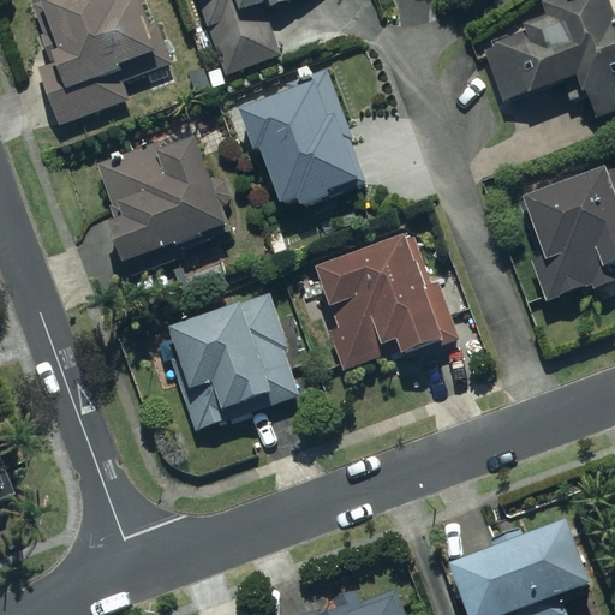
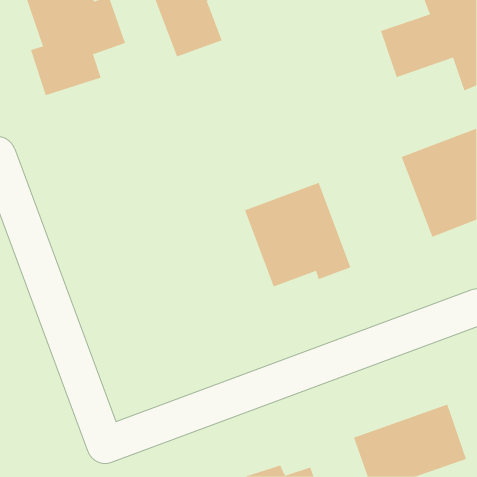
building: [238,73,363,207] -> none
building: [97,132,233,259] -> none
building: [162,289,303,435] -> none

